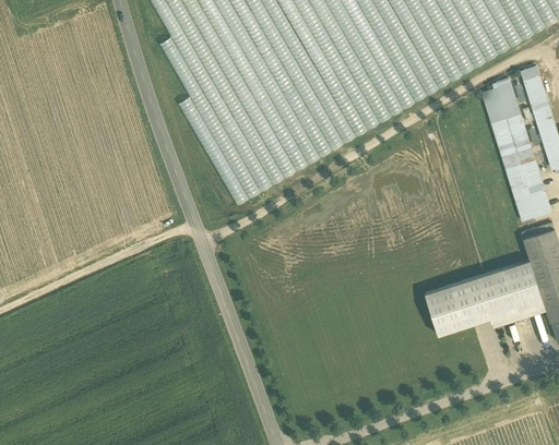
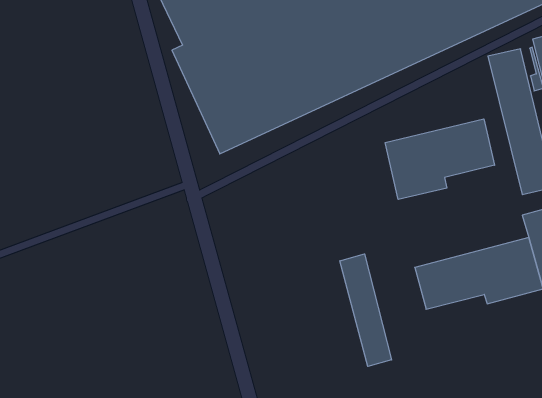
building: none -> [385,119,495,199]
building: none -> [340,254,392,366]

